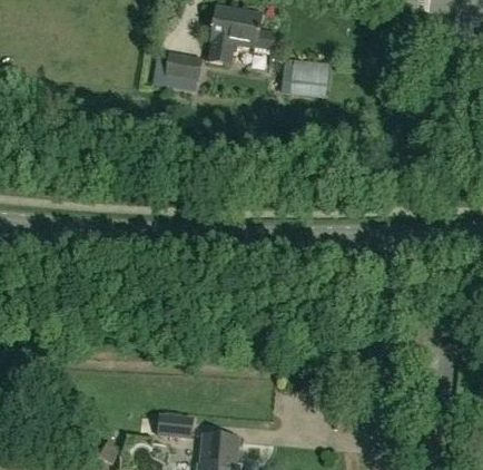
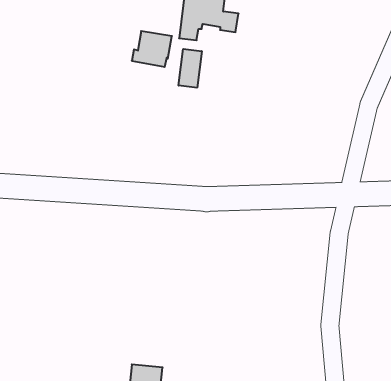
building: [288,58,327,97] -> none
building: none -> [179,49,202,88]

